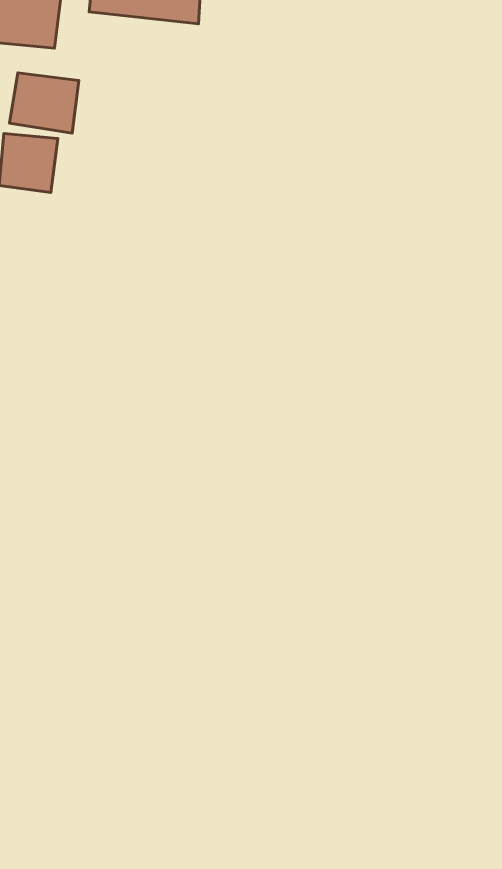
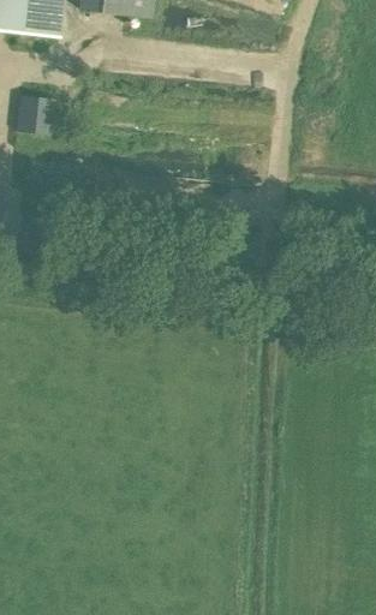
building: [10,73,79,133] -> none

